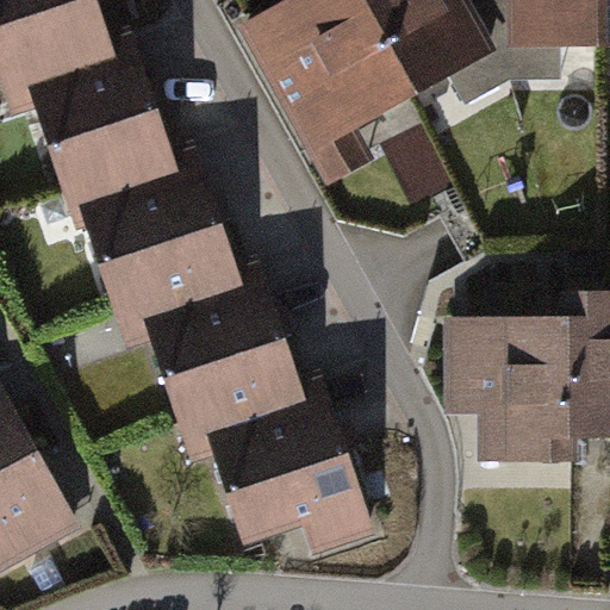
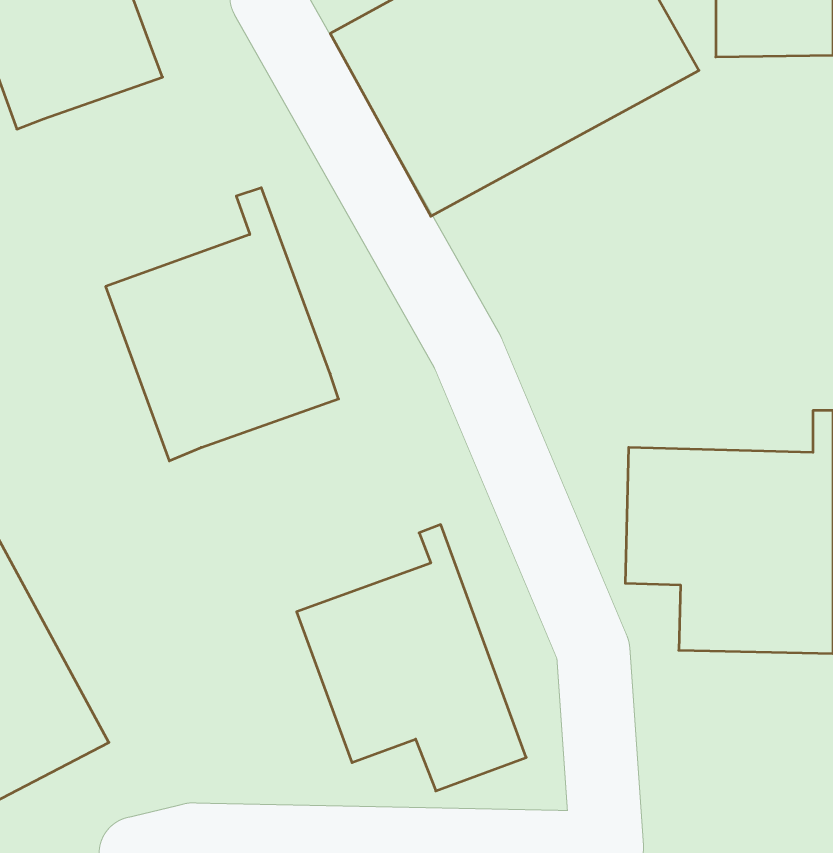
building: [31,23,178,204] -> none
building: [143,257,306,443] -> none

